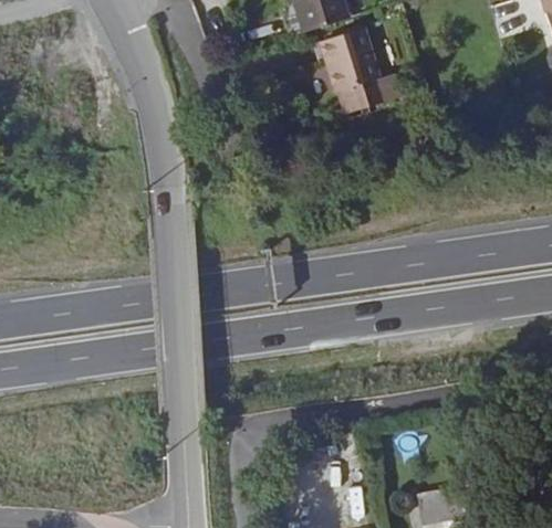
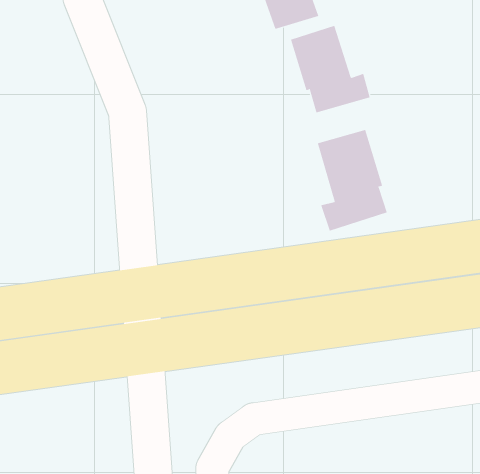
building: none -> [317,129,387,232]

